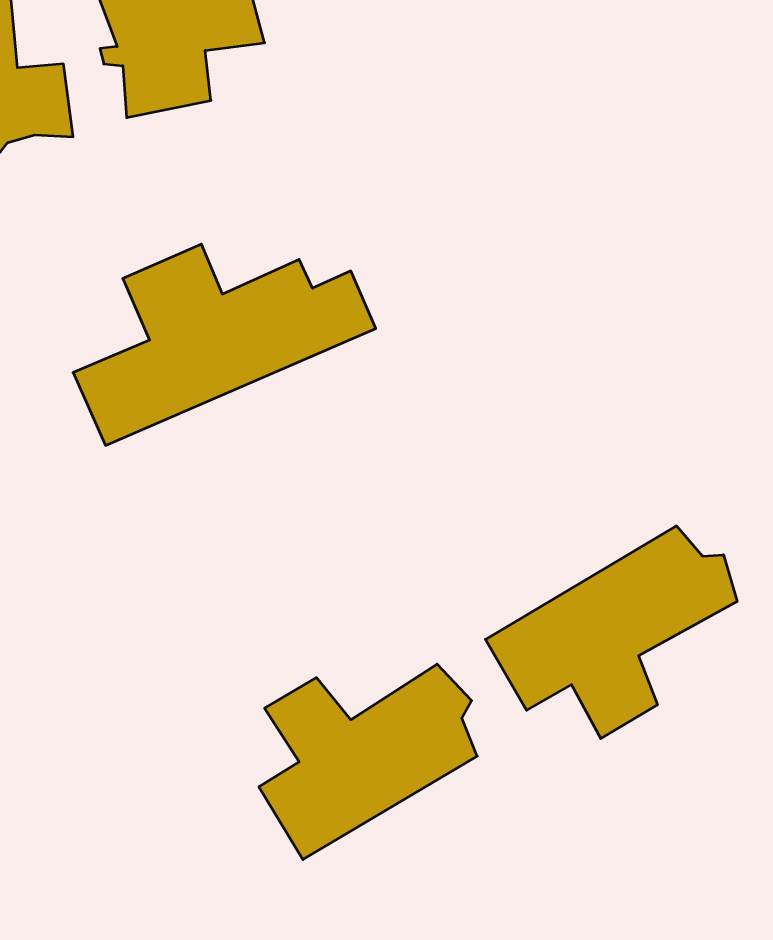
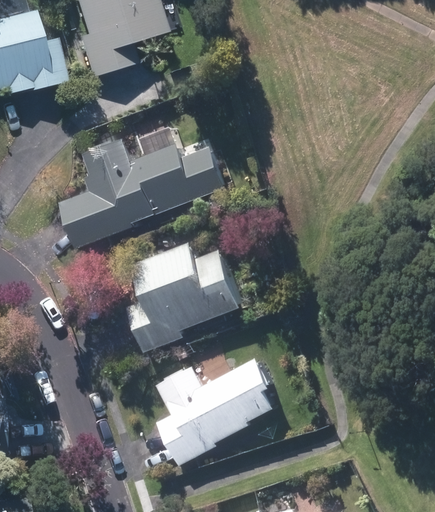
building: none -> [131,235,241,348]
building: [485,526,737,739] -> none

